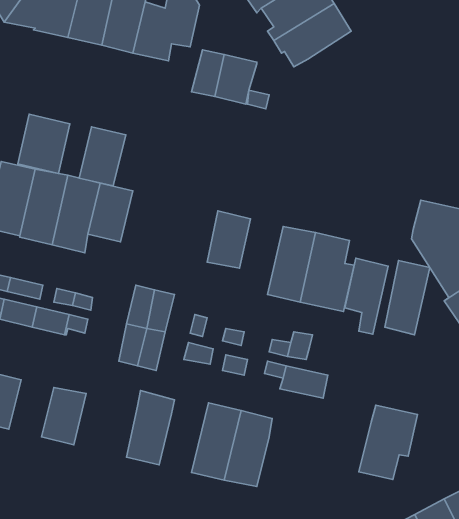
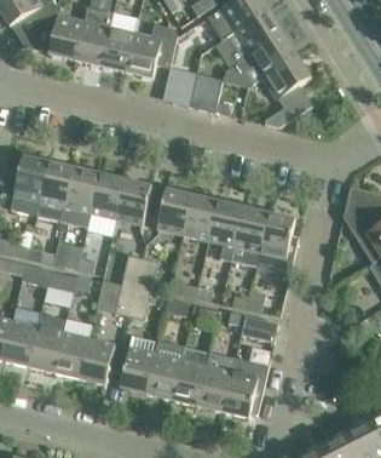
building: none -> [261,53,311,126]
building: [18,114,70,174] -> none
building: [79,127,126,186] -> [115,178,151,224]
building: none -> [156,188,191,234]
building: [345,258,388,334] -> [208,200,242,259]
building: [385,261,430,335] -> none
building: none -> [28,311,65,371]
building: none -> [79,337,114,383]
building: none -> [145,339,184,399]
building: [359,405,418,480] -> [221,357,267,416]

